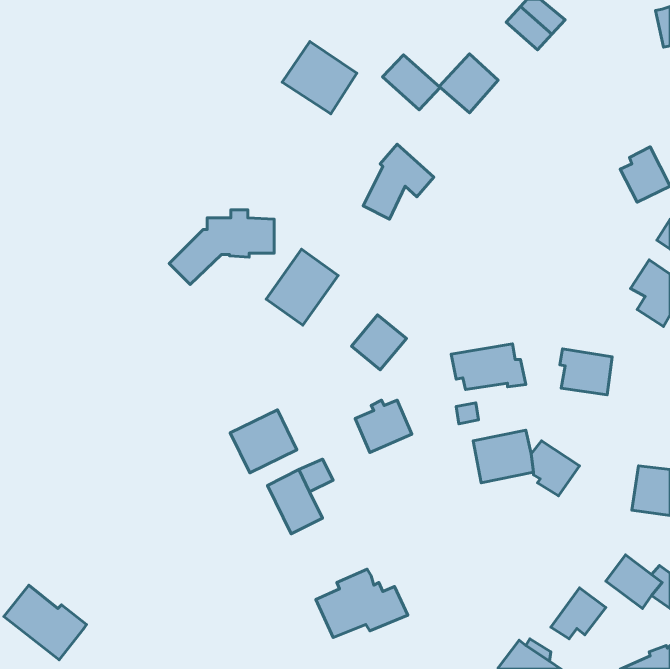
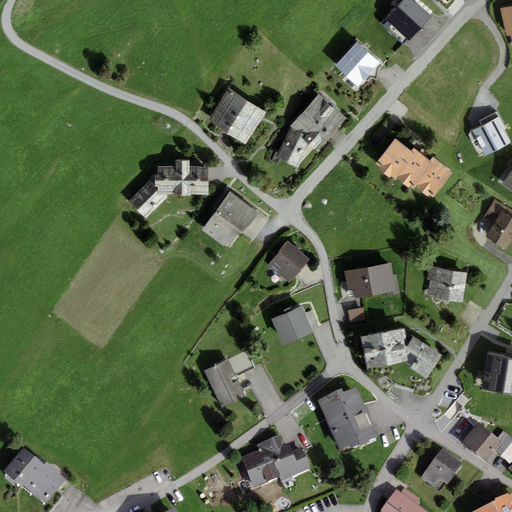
building: [282,42,357,114] -> [208,88,265,143]
building: [383,55,440,110] -> [303,93,347,135]
building: none -> [376,138,452,196]
building: [230,410,297,473] -> none
building: none -> [317,386,378,448]

